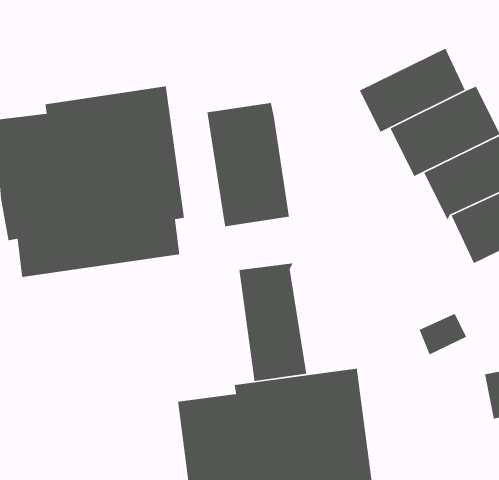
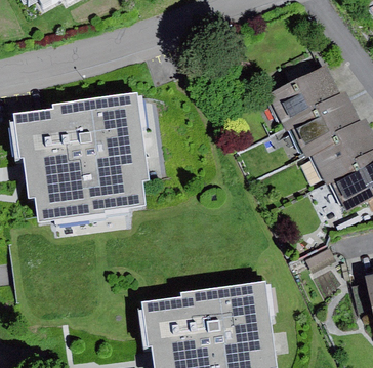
building: [206,102,290,227] -> none
building: [239,263,307,382] -> none

